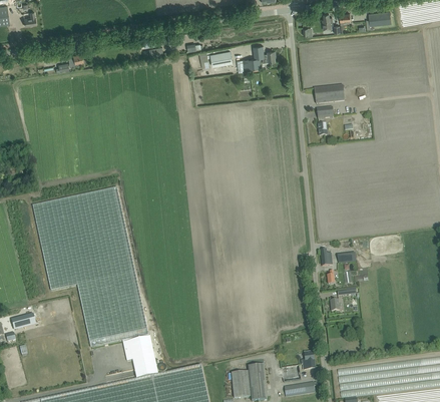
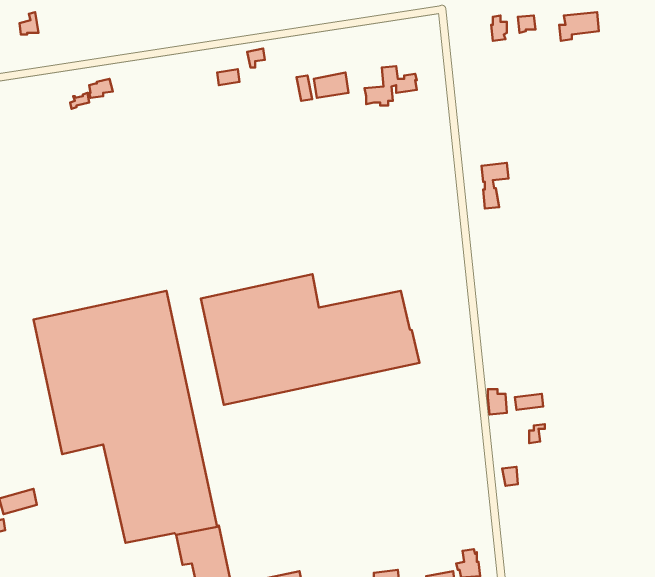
building: [314,85,344,103] -> none
building: none -> [201,274,419,405]

